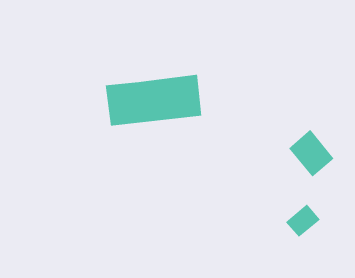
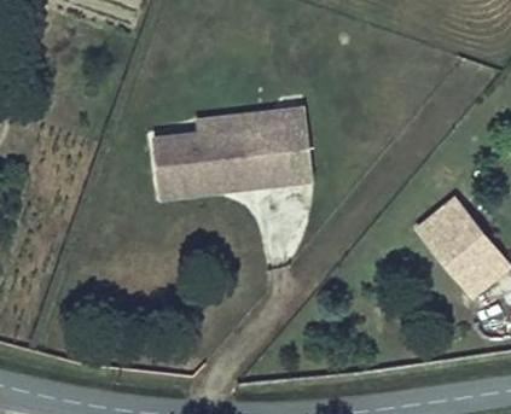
building: none -> [202,109,313,183]
building: [285,203,321,238] -> [449,244,500,292]

